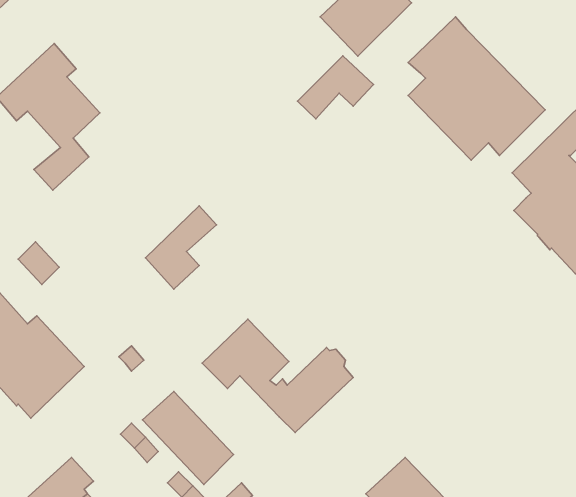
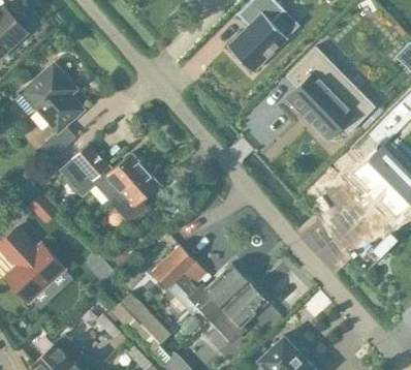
building: [298,56,374,119] -> none
building: none -> [61,145,149,205]
building: none -> [212,283,268,342]

